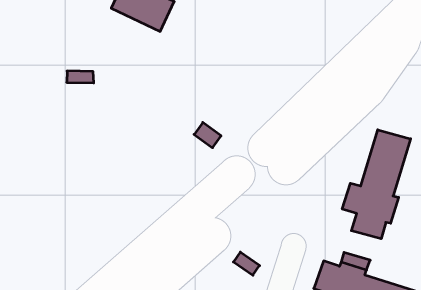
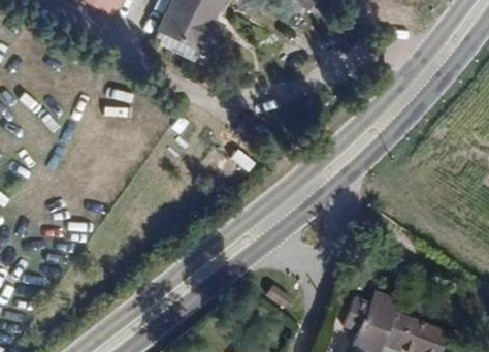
building: [342,130,411,239] -> none

